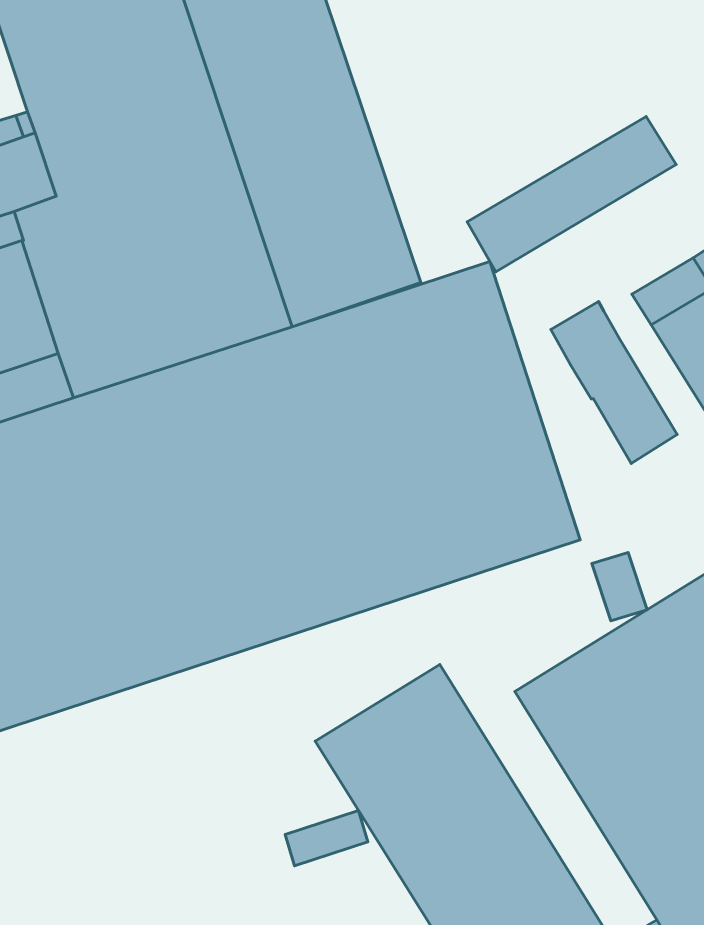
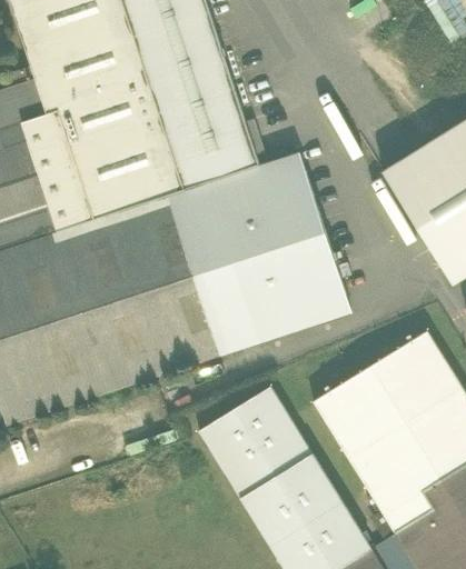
building: [467,117,676,272] -> none
building: [551,302,677,464] -> none
building: [592,552,647,621] -> none
building: [285,810,368,866] -> none

